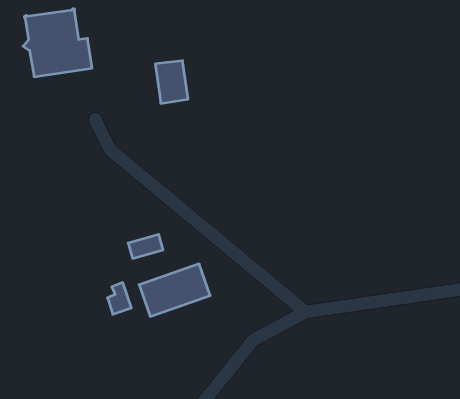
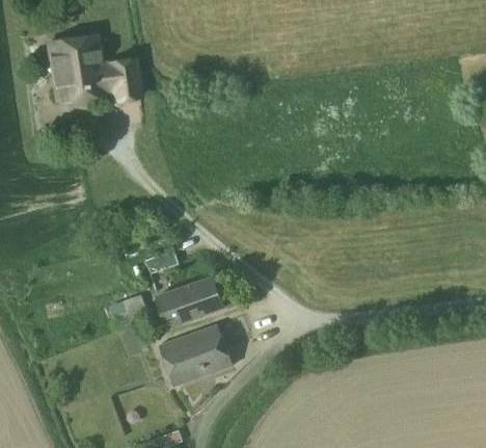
building: [155,61,188,103] -> [108,58,139,99]
building: none -> [159,323,233,385]

